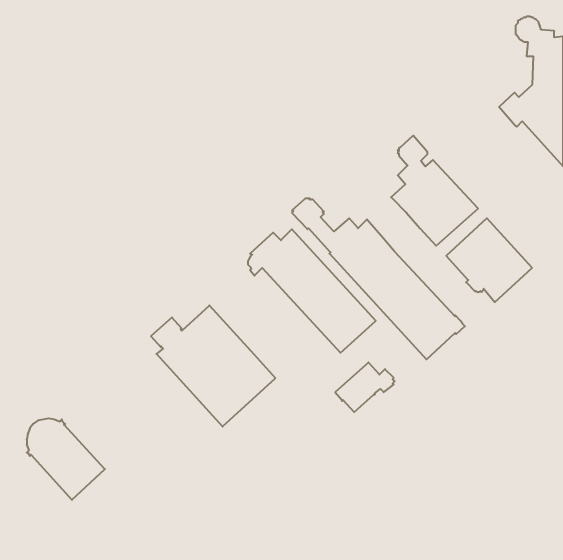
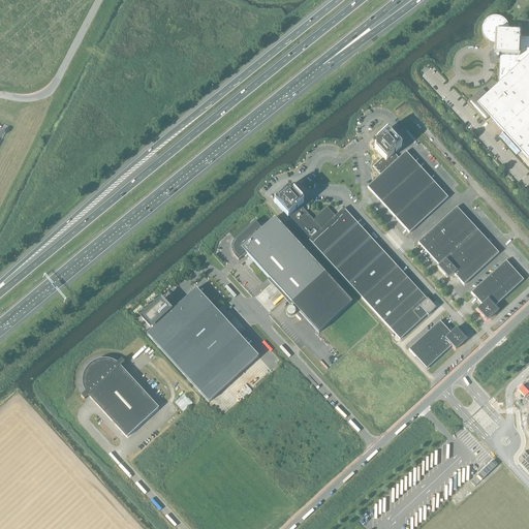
building: none -> [471,258,523,316]
building: [335,362,395,412] -> [409,319,465,366]
building: [27,418,105,500] -> [85,359,158,435]

